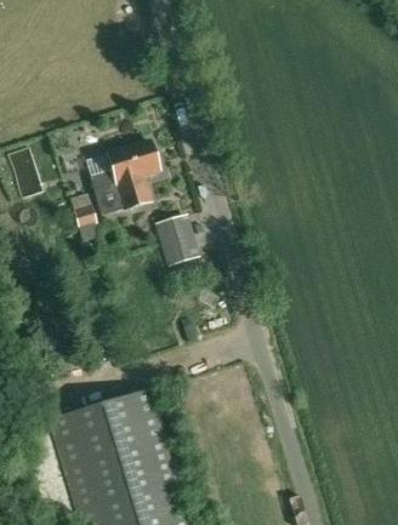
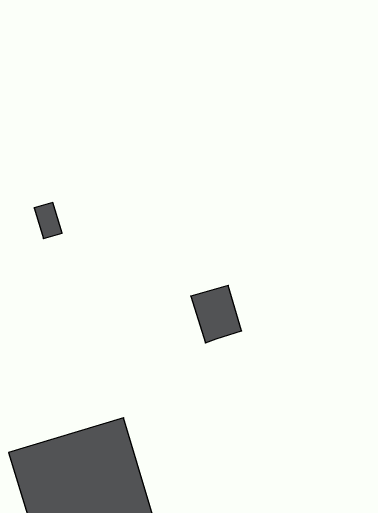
building: [89,141,158,216] -> none
building: [153,212,199,264] -> [191,285,242,343]

